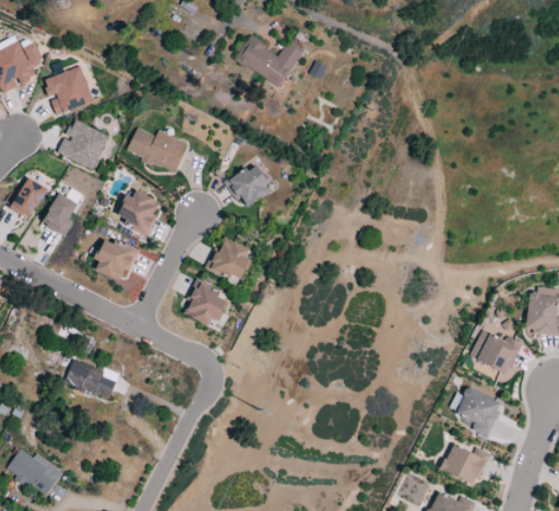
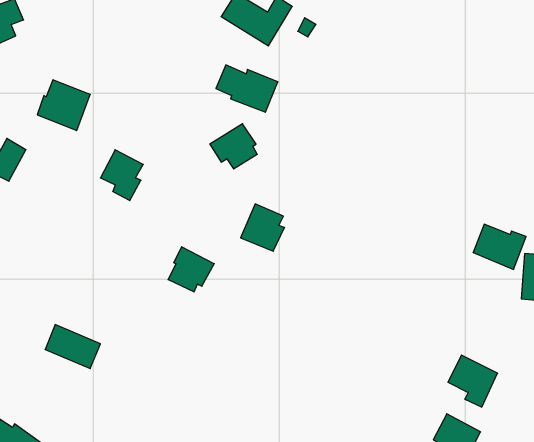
building: [44,66,94,115] -> none
building: [128,127,188,173] -> [216,65,278,112]
building: [41,192,79,236] -> none
building: [95,236,139,283] -> none
building: [209,236,251,282] -> [241,204,285,251]
building: [471,330,522,373] -> [473,224,526,269]

